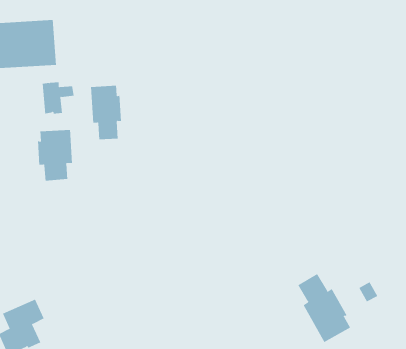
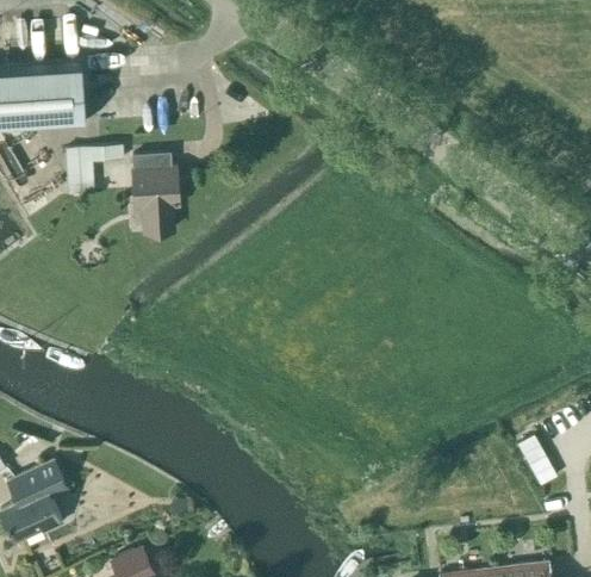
building: [37,129,72,181] -> none
building: [297,273,351,343] -> none

